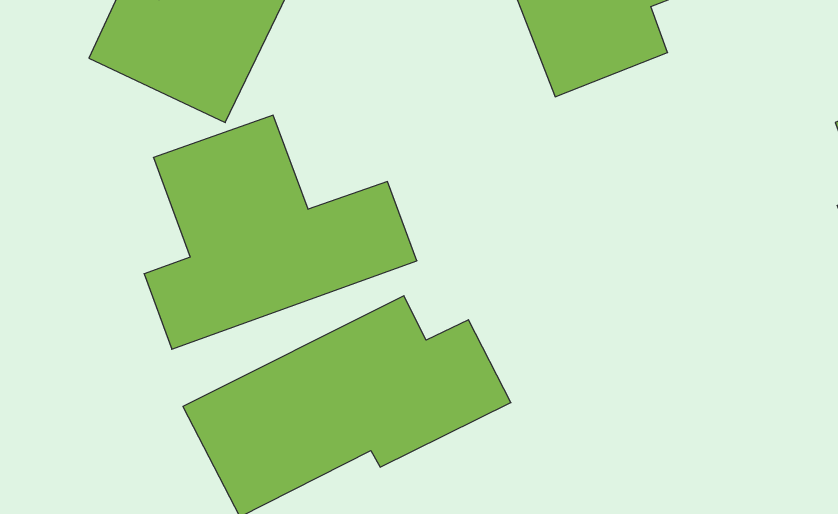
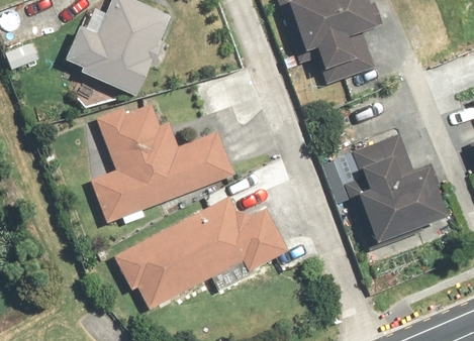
building: none -> [344,131,455,249]

